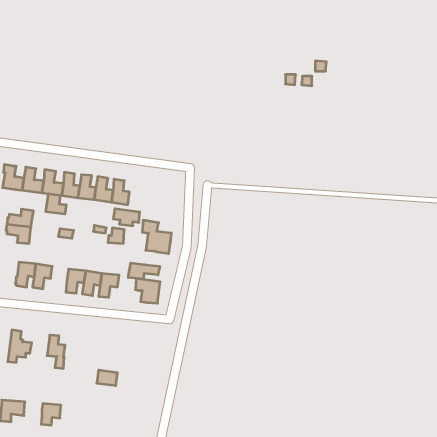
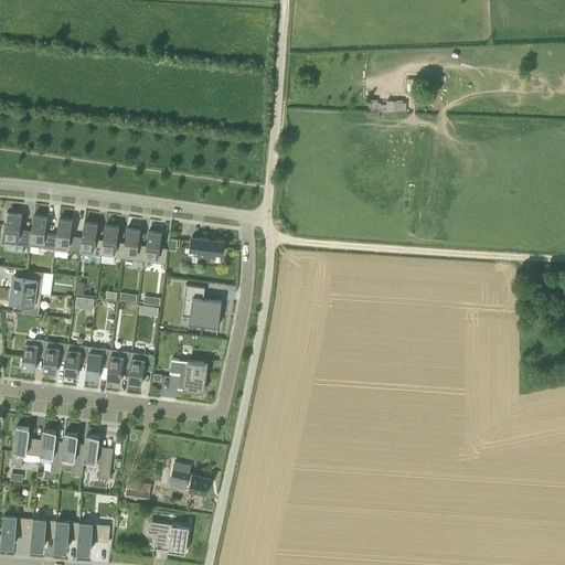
building: [46,194,66,214] -> none
building: [113,209,140,226] -> [189,237,223,259]
building: [128,263,160,279] -> none
building: none -> [63,344,88,376]
building: none -> [39,429,63,473]
building: none -> [82,435,113,479]
building: none -> [169,463,209,493]
building: none -> [30,519,55,547]
building: none -> [152,522,189,553]
building: none -> [76,523,109,551]

